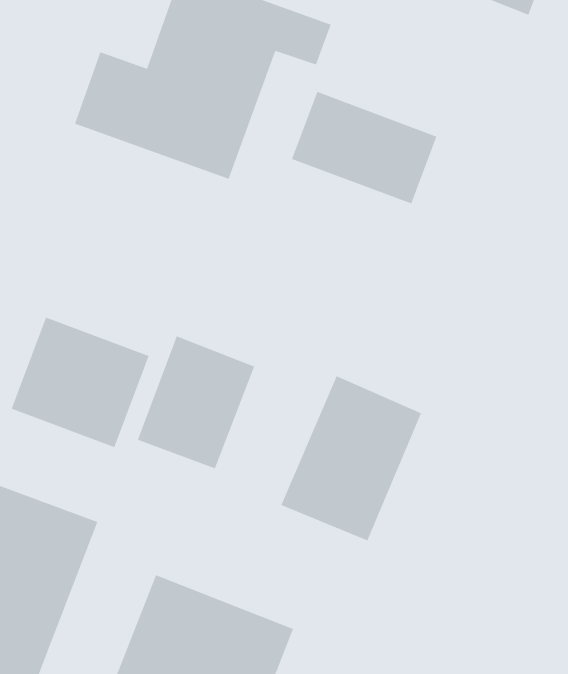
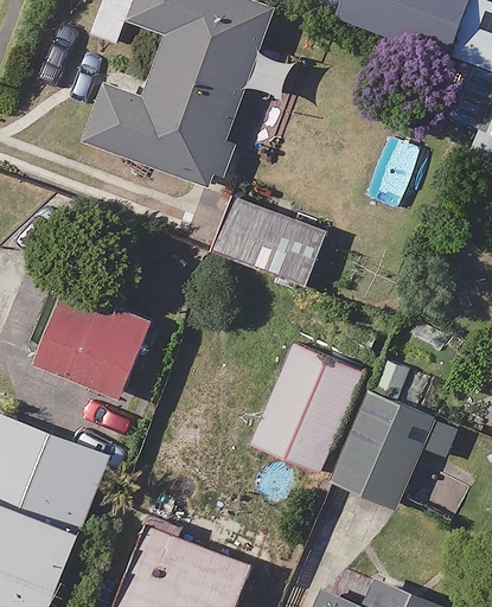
building: [291,91,437,204] -> [210,196,325,285]
building: [137,335,255,469] -> none
building: none -> [326,389,460,515]

